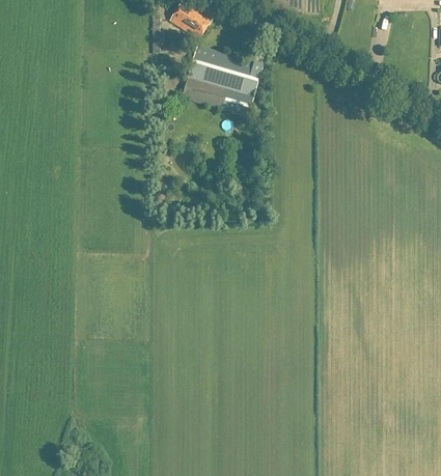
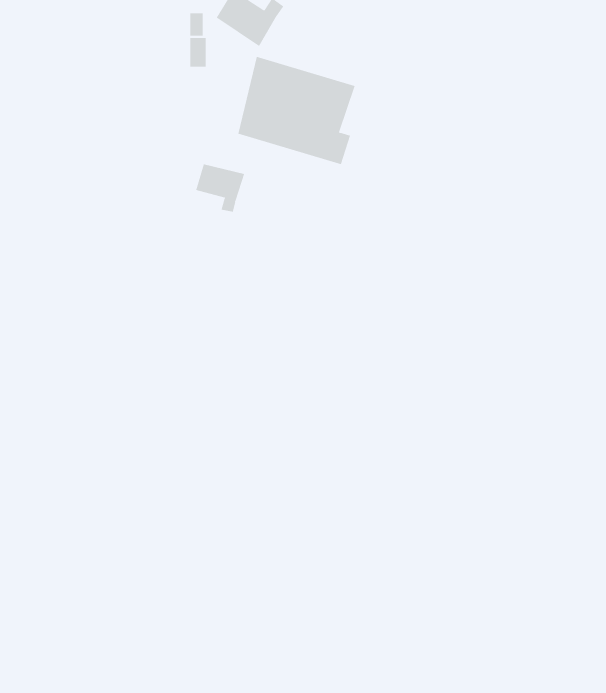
building: none -> [195,164,245,213]

